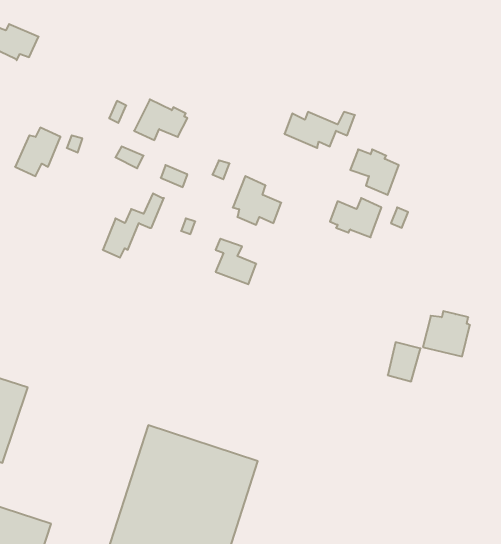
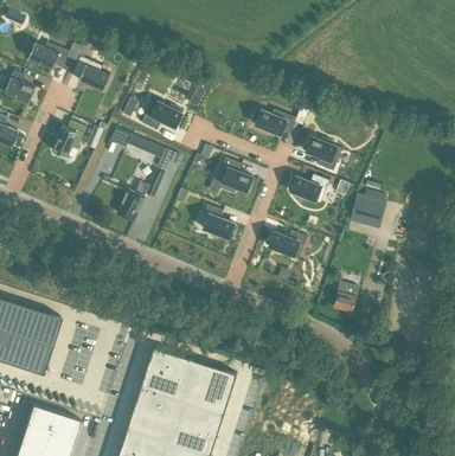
building: none -> [72,57,110,91]
building: none -> [268,230,307,259]
building: [423,311,470,356] -> [350,192,385,226]

